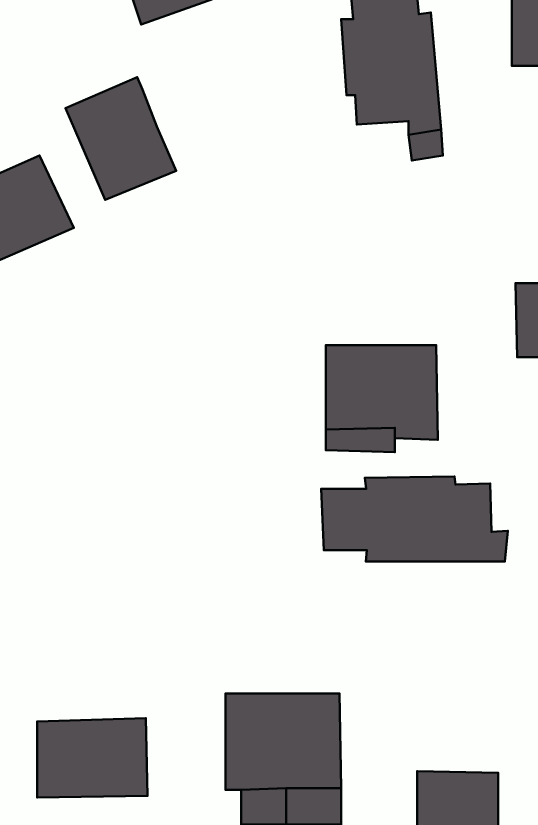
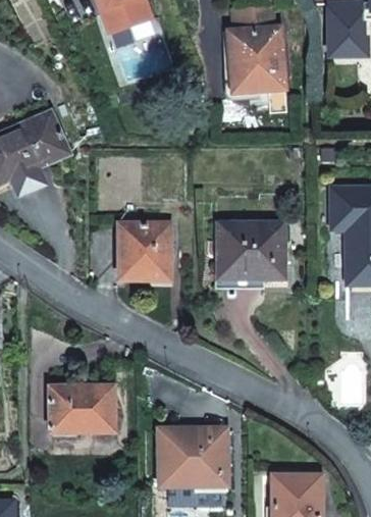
building: [65,77,176,200] -> none
building: none -> [118,222,170,278]
building: [321,476,508,562] -> none
building: [37,718,147,797] -> [49,384,114,431]

